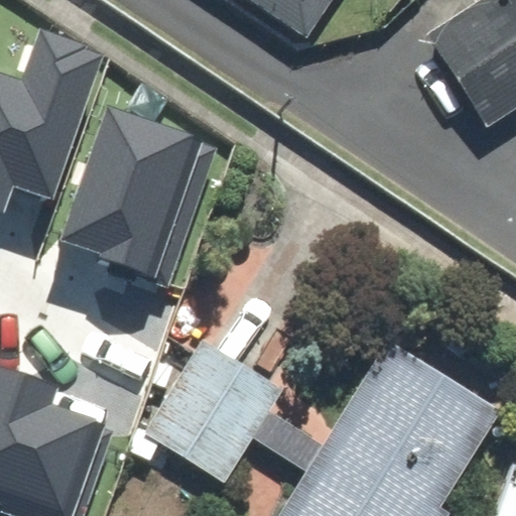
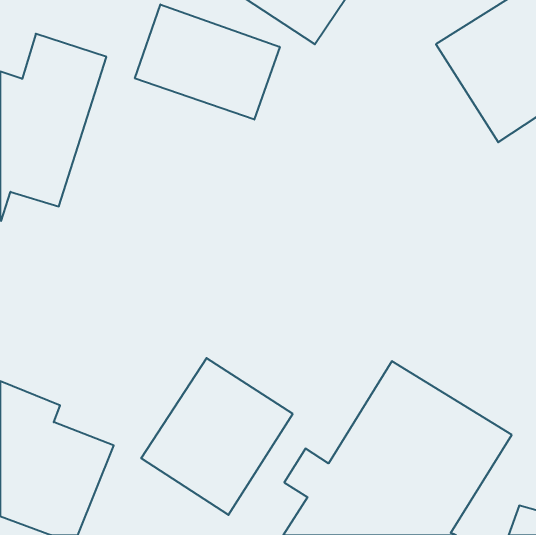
building: none -> [135,4,280,120]
building: [67,107,214,273] -> none

